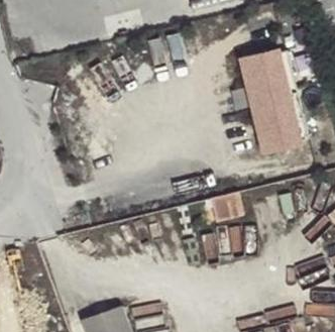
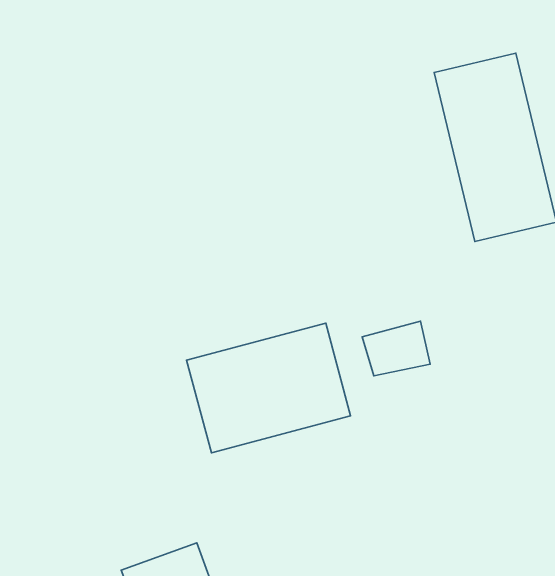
building: none -> [186,323,351,453]

